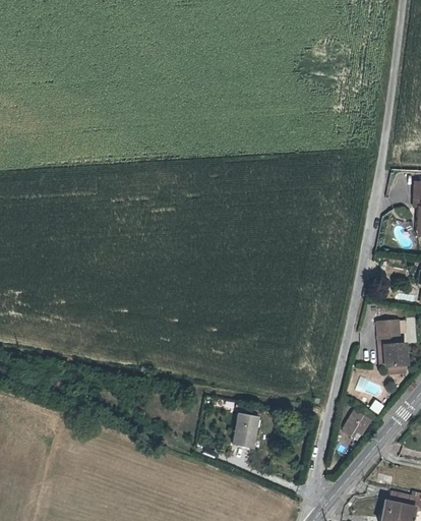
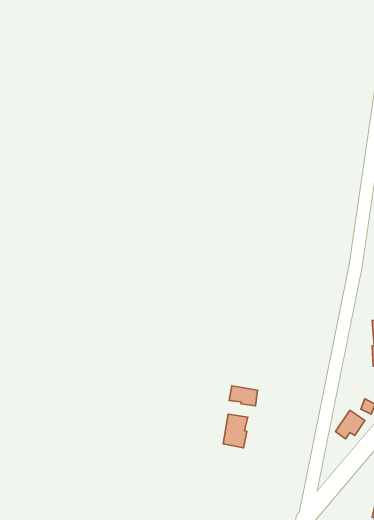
building: none -> [229,386,258,406]

